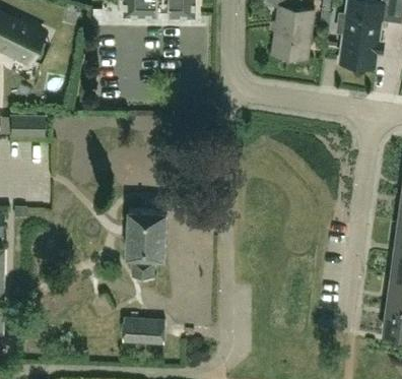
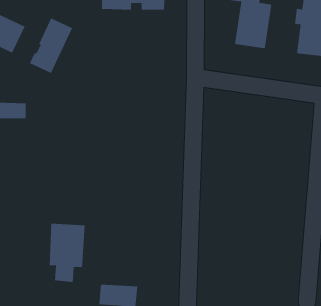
building: none -> [29,18,73,74]
building: [128,208,169,273] -> [49,223,86,282]

